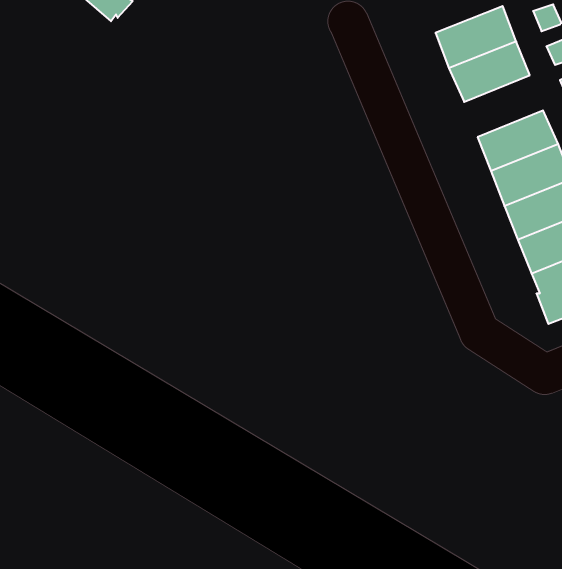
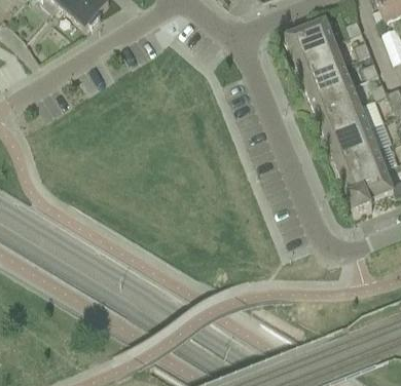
building: none -> [303,60,352,98]

